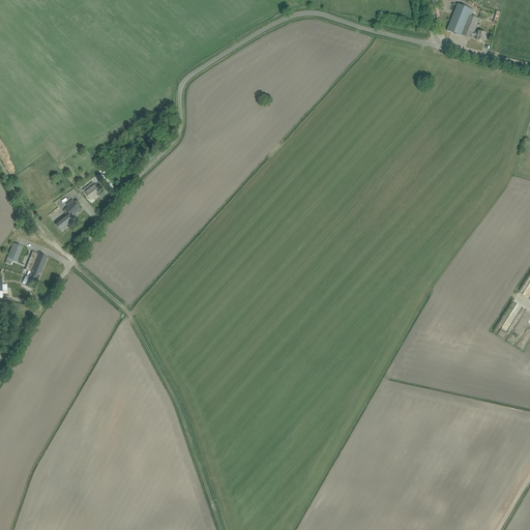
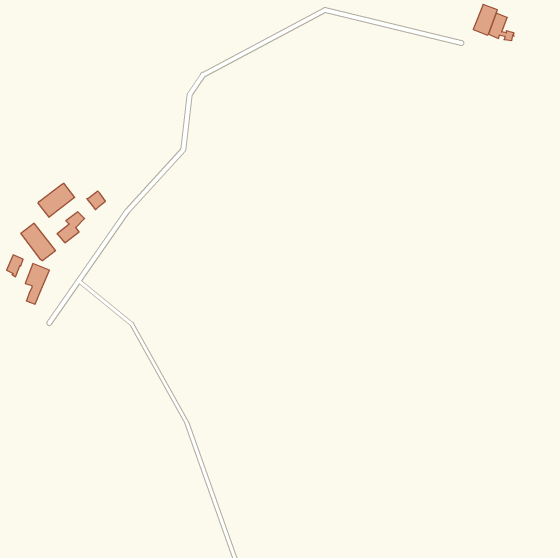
building: none -> [38,183,75,217]
building: none -> [21,223,55,261]

